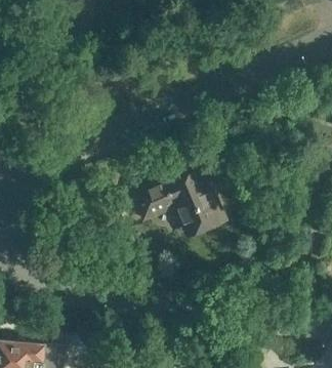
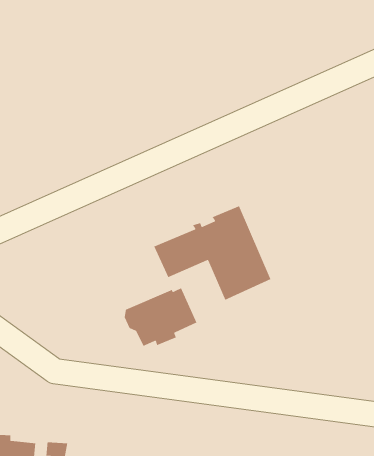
building: none -> [124,287,198,347]

